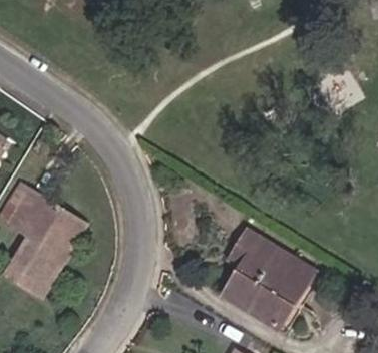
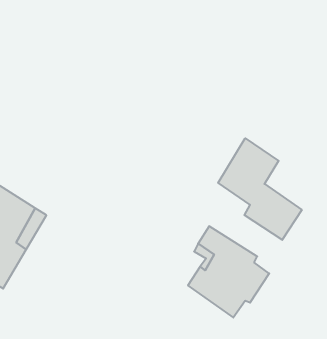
building: none -> [218,138,302,240]

